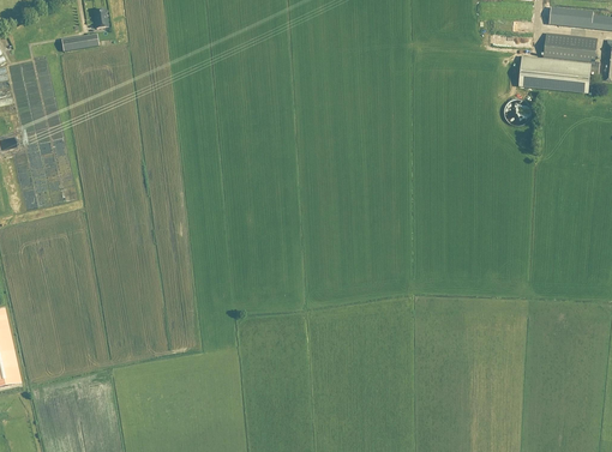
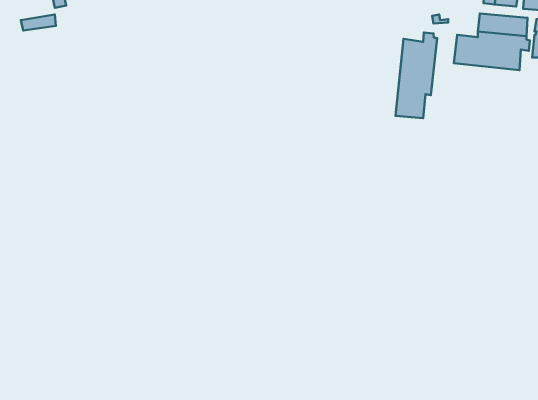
building: none -> [396,32,437,118]

